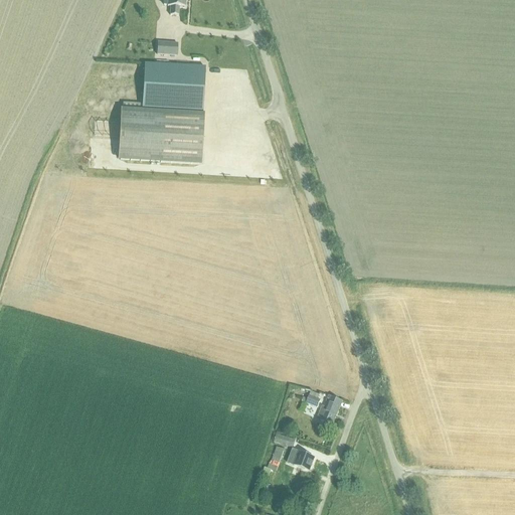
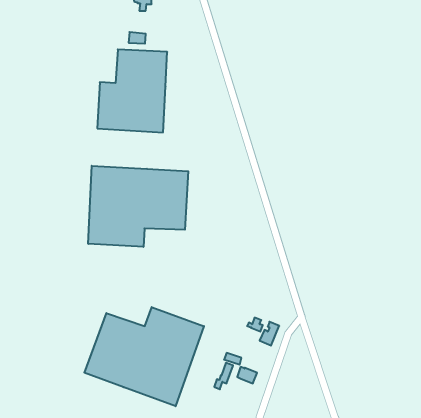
building: none -> [88,166,188,247]
building: none -> [84,307,204,406]

